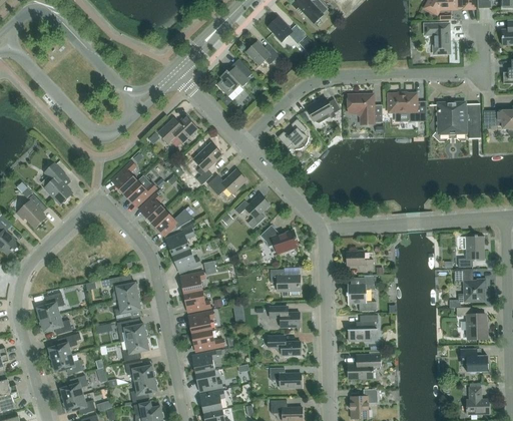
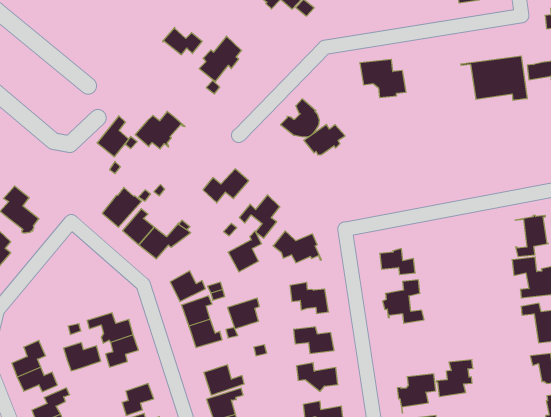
building: [246,41,279,64] -> [163,27,202,55]
building: [388,93,427,121] -> none
building: [307,98,341,122] -> [304,124,345,155]
building: [193,142,222,184] -> none
building: [111,160,137,193] -> [97,116,129,157]
building: [166,224,194,256] -> [228,231,262,272]
building: [188,310,214,333] -> [228,298,259,329]
building: [348,315,379,342] -> [436,360,473,397]
building: [117,320,146,342] -> [64,343,101,371]

